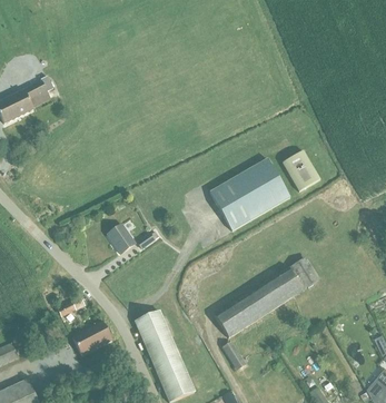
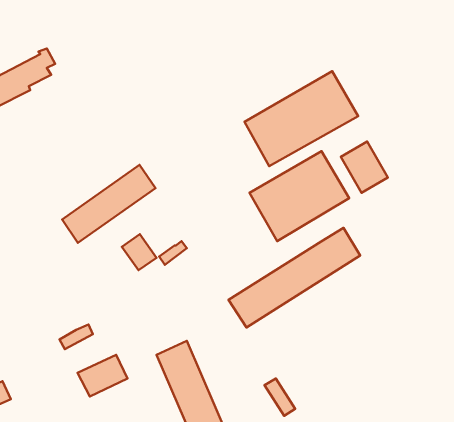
building: none -> [244,71,358,166]
building: none -> [62,165,155,243]
building: [214,256,319,336] -> [228,228,360,328]

